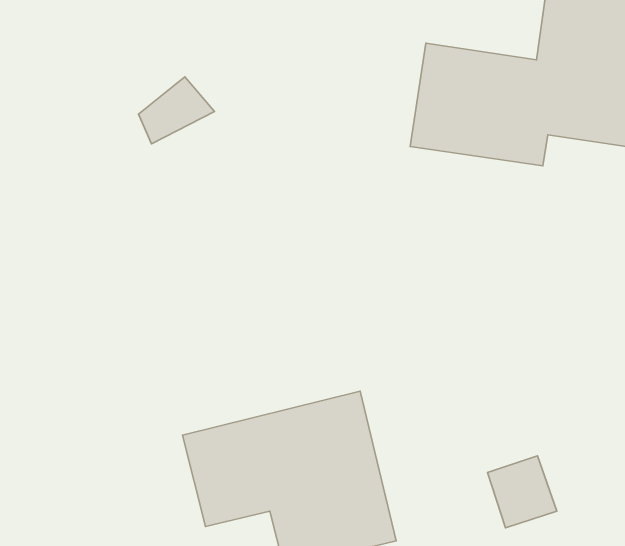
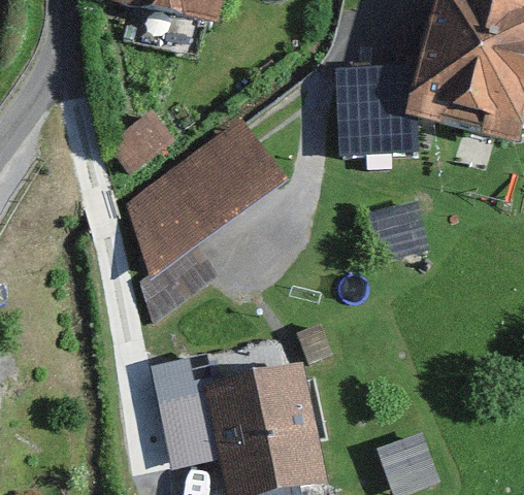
building: none -> [131,119,283,307]

